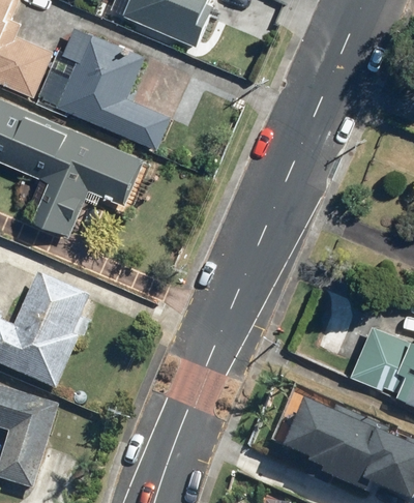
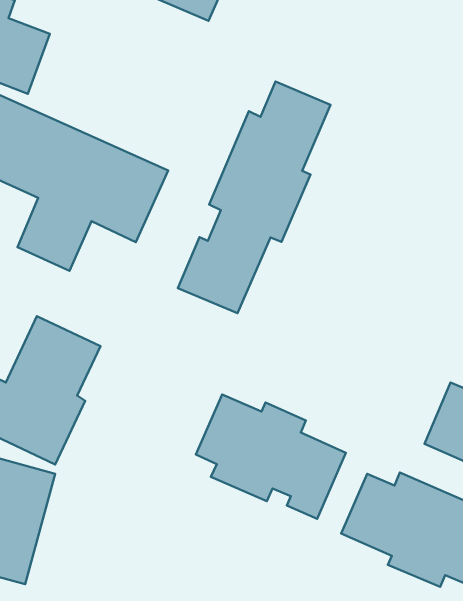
building: [35,30,175,152] -> none
building: none -> [178,81,330,313]
building: none -> [196,394,346,519]

